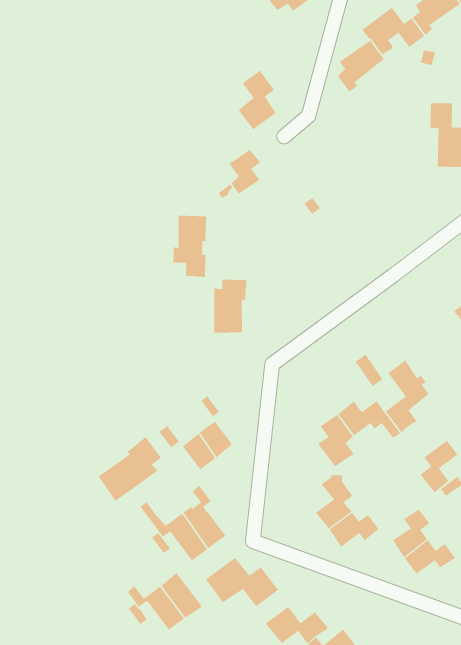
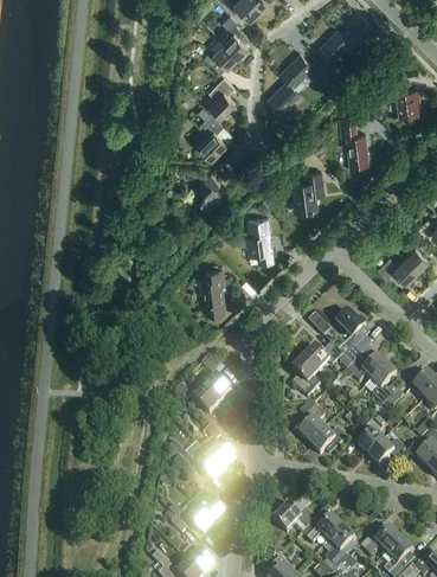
building: none -> [210,77,236,116]
building: none -> [294,172,324,212]
building: [172,215,207,277] -> [248,218,275,264]
building: none -> [341,355,387,382]
building: [98,436,162,502] -> none
building: [205,557,279,607] -> none

